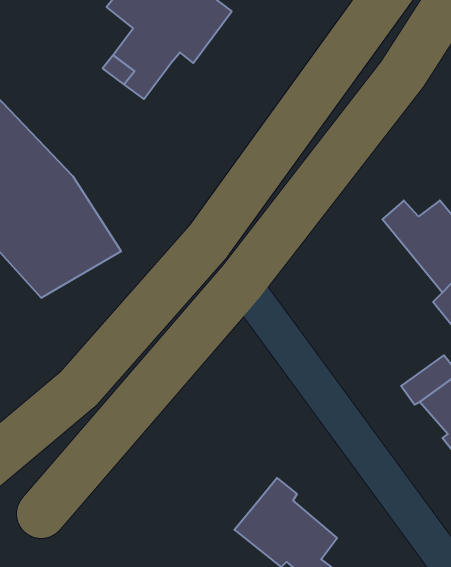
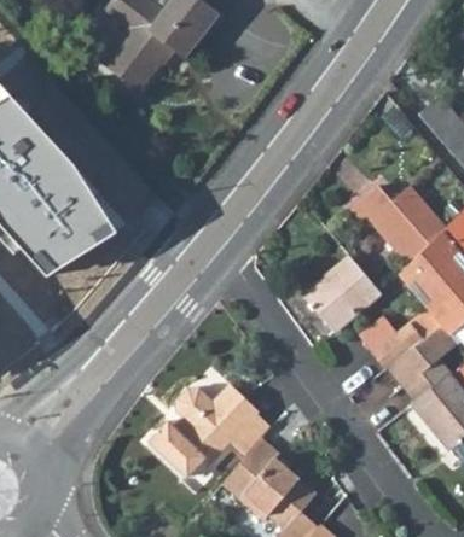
building: none -> [301,256,378,331]
building: none -> [150,385,269,478]

